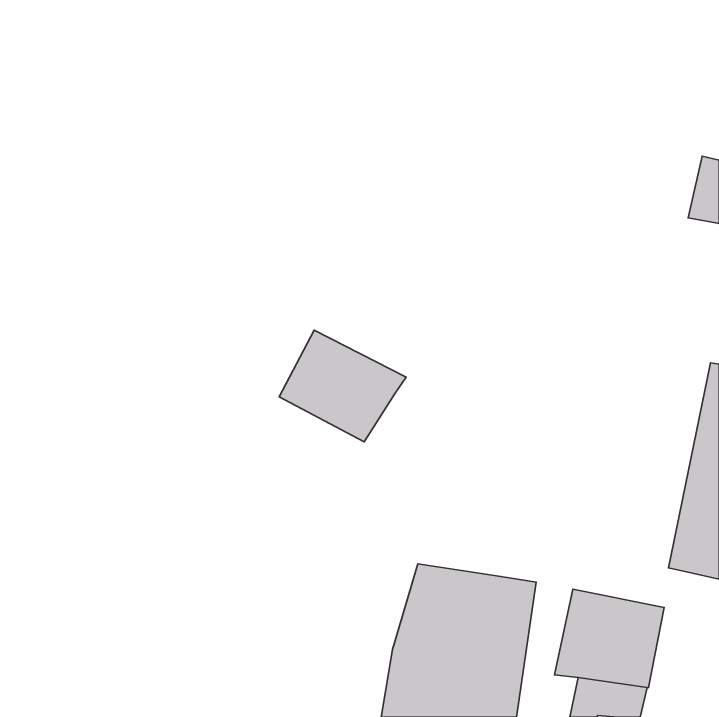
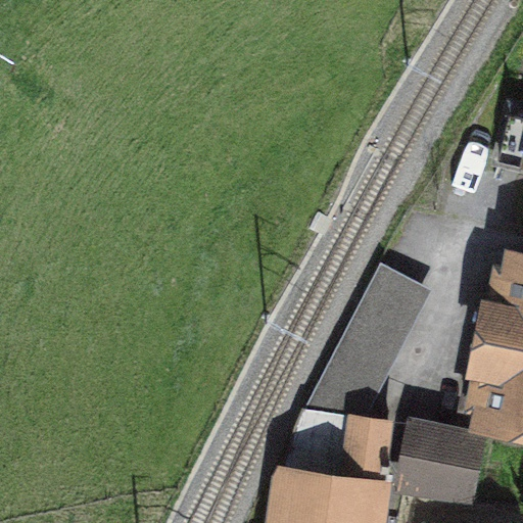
building: [279,330,406,442] -> none
building: none -> [303,264,431,419]

